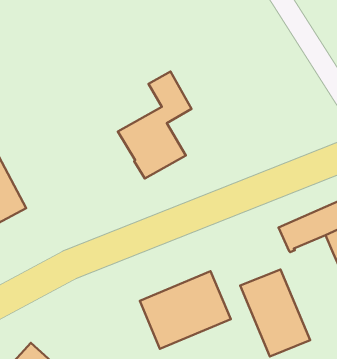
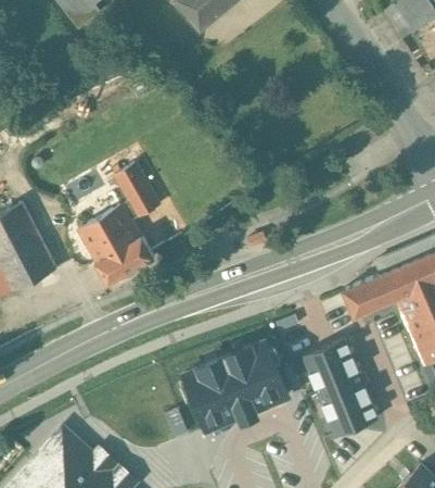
building: [118,71,192,178] -> [77,164,161,286]

